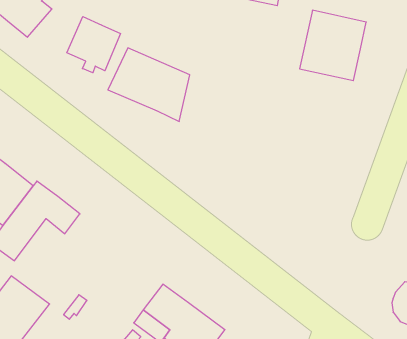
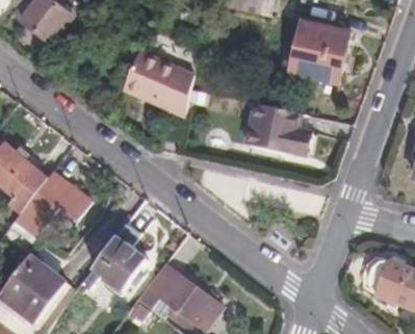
building: [67,17,121,73] -> none
building: none -> [242,101,308,153]
building: none -> [94,224,148,290]

